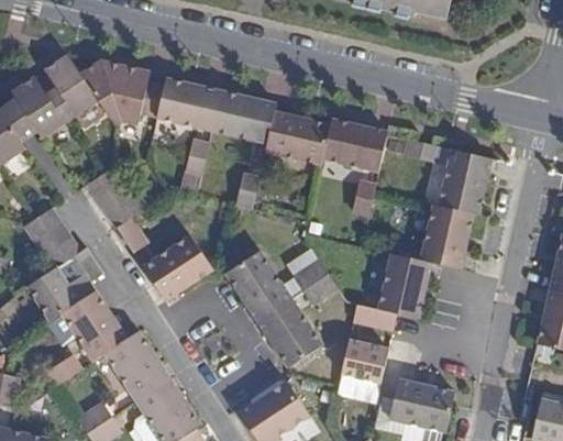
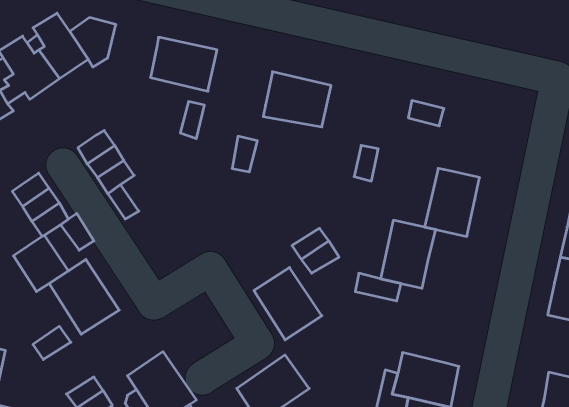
building: [102,66,164,124] -> none
building: [212,90,276,143] -> none
building: [322,119,388,173] -> none
building: [438,148,489,213] -> none
building: [142,234,212,301] -> none
building: [224,250,290,321] -> none
building: [103,331,169,401] -> none
building: [341,340,388,383] -> none

